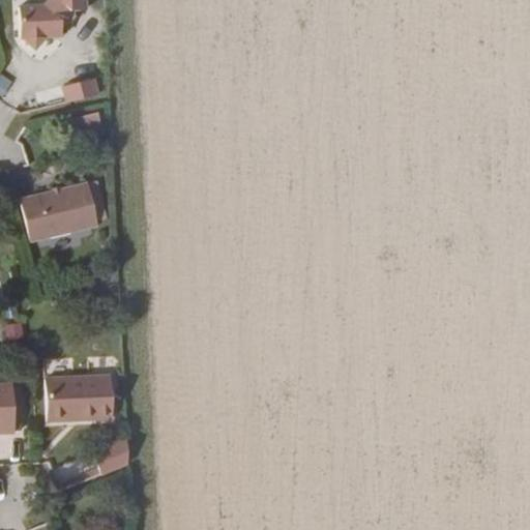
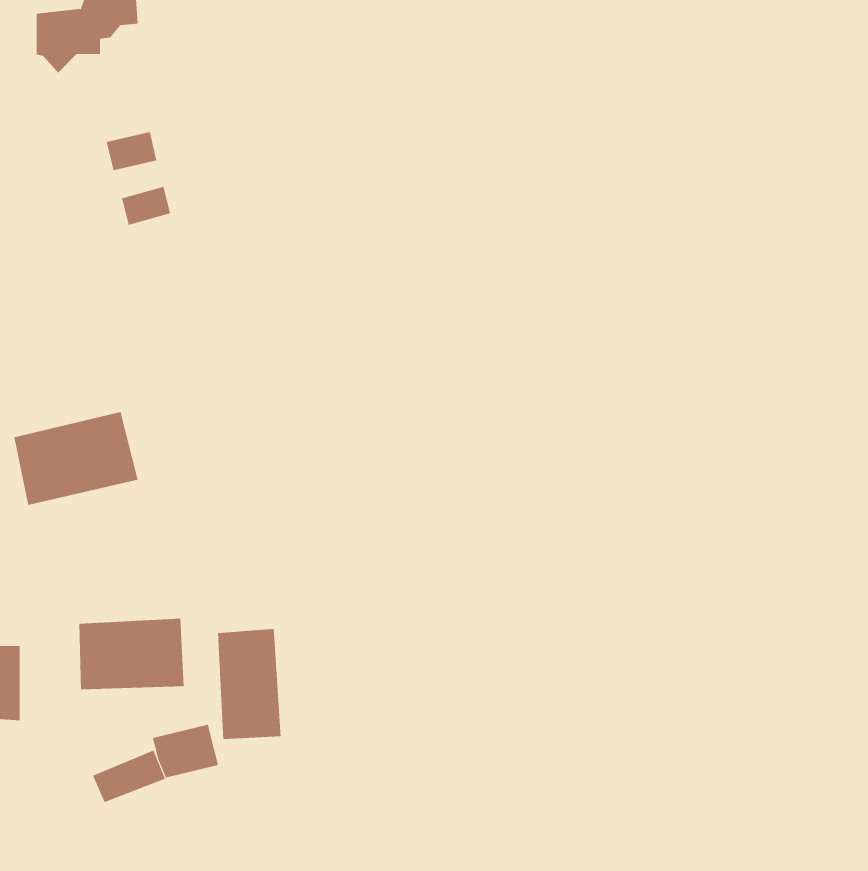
building: [22,183,97,240] -> [14,412,138,505]
building: none -> [217,628,281,740]

